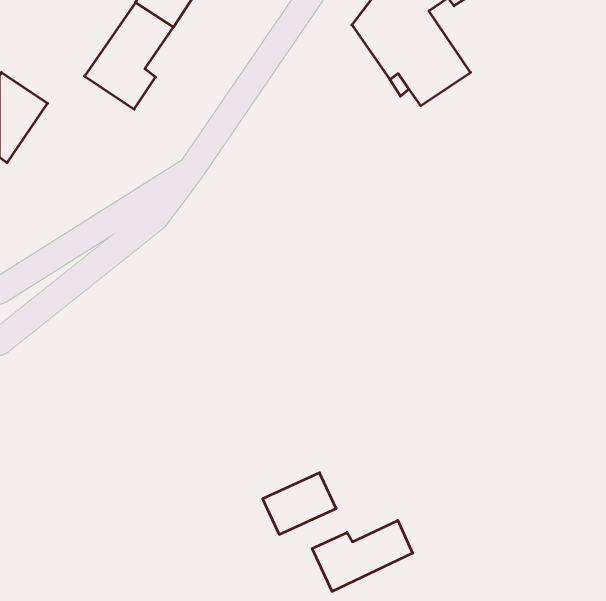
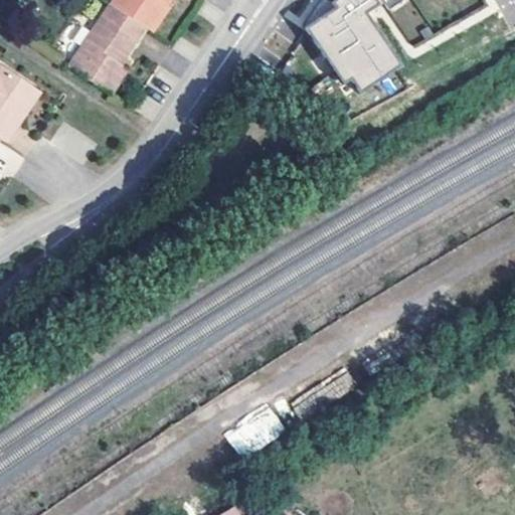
building: [312,520,413,591] -> none

